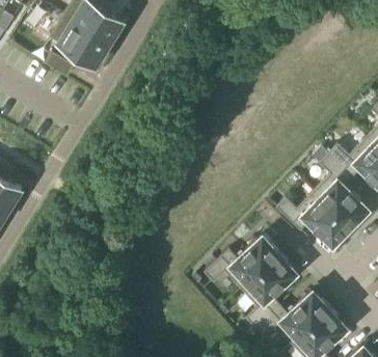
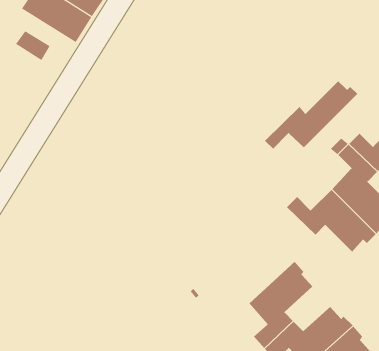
building: none -> [264,80,358,149]
building: [207,237,282,290] -> none

